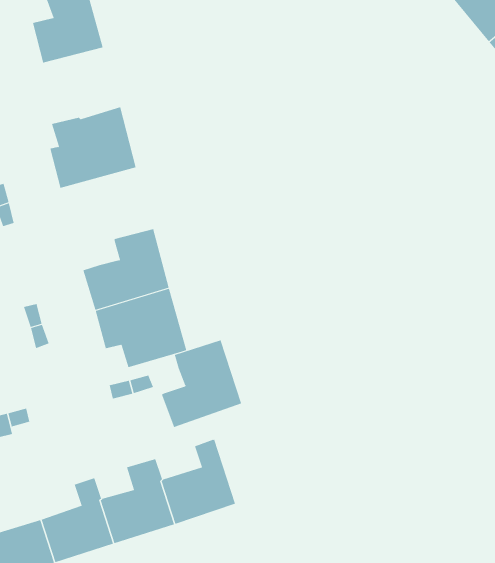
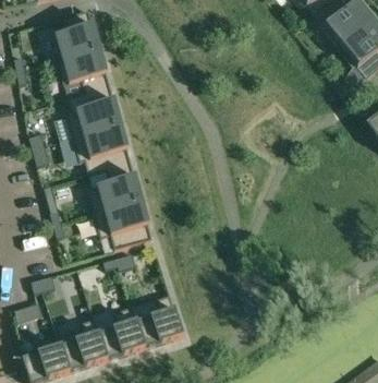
building: none -> [58,50,111,95]
building: none -> [73,125,132,176]
building: [161,339,242,428] -> none

